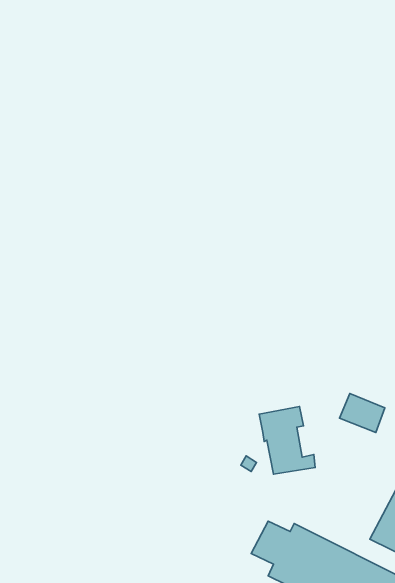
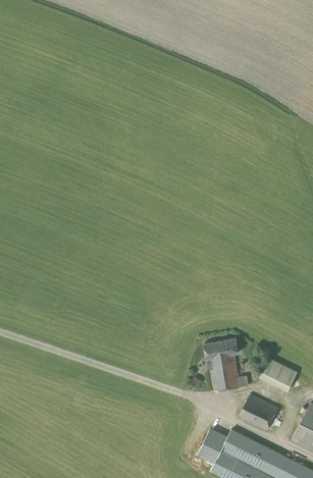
building: [339,393,385,433] -> [264,359,300,389]
building: none -> [238,395,278,432]

